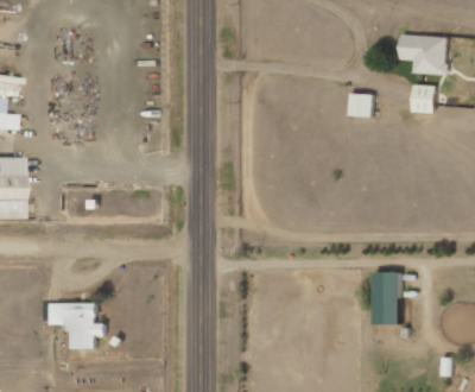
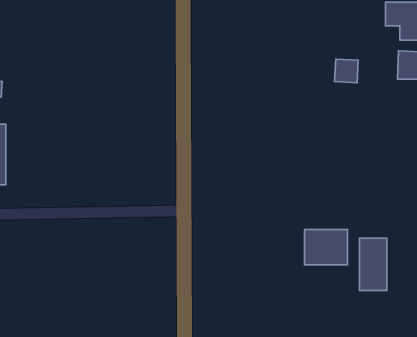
building: none -> [304,230,348,265]
building: [42,303,103,348] -> none

